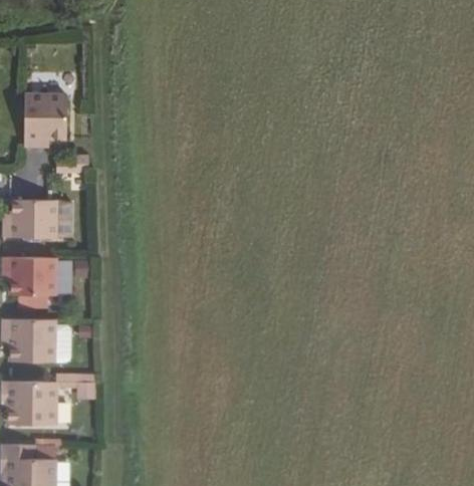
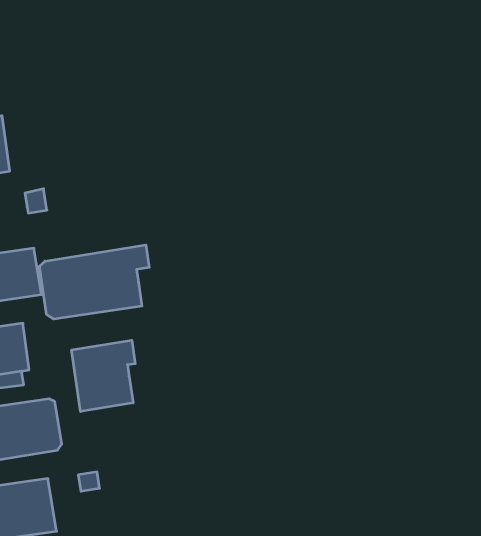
building: none -> [39,245,149,319]
building: none -> [72,340,135,412]

